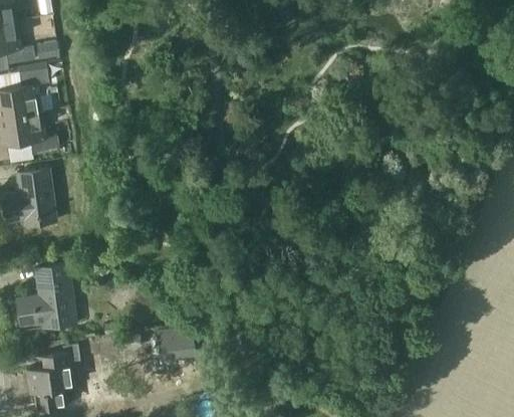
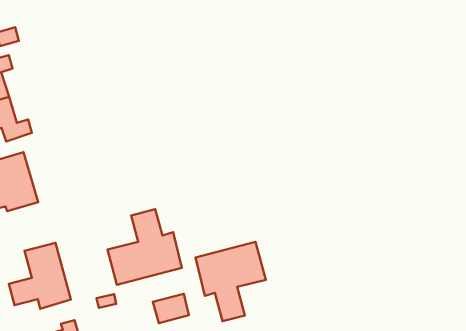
building: none -> [107,209,182,285]
building: none -> [195,242,266,321]

